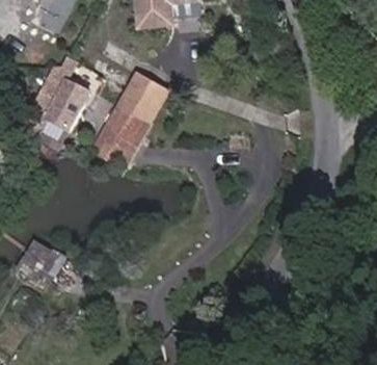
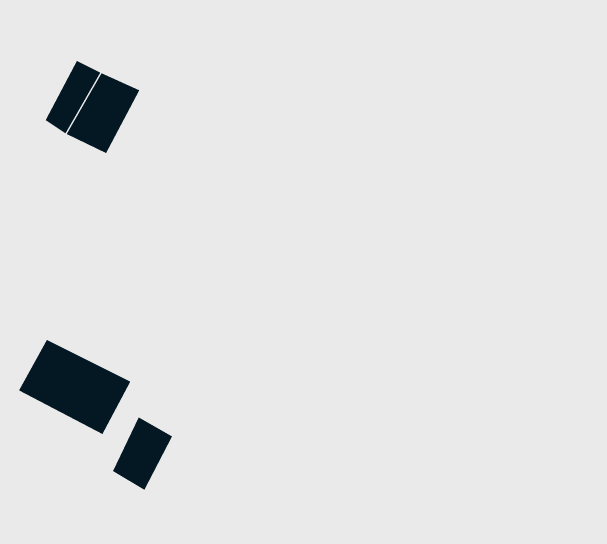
building: [103,77,156,145] -> none
building: none -> [112,417,173,491]

